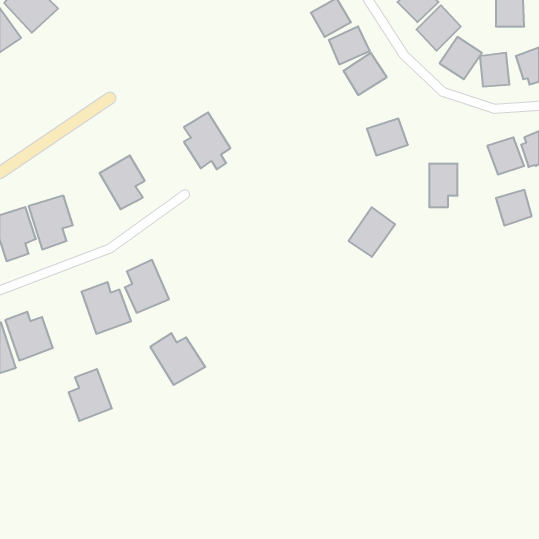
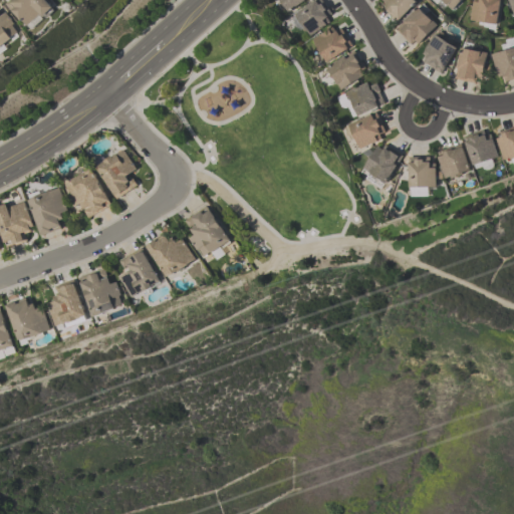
building: none -> [337,79,386,116]
building: [184,112,230,169] -> [185,205,229,259]
building: none -> [62,167,111,216]
building: [496,190,532,226] -> [436,146,470,180]
building: [349,207,395,257] -> [358,142,403,189]
building: [150,333,205,385] -> [146,232,198,281]
building: [69,369,112,421] -> [46,280,87,329]

